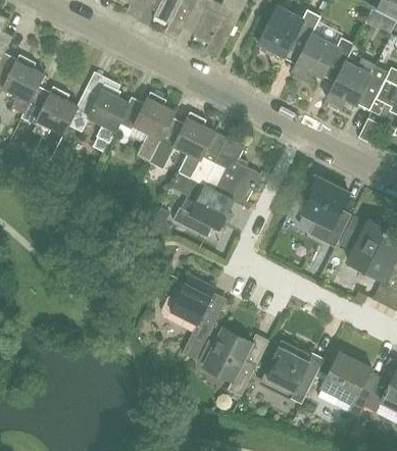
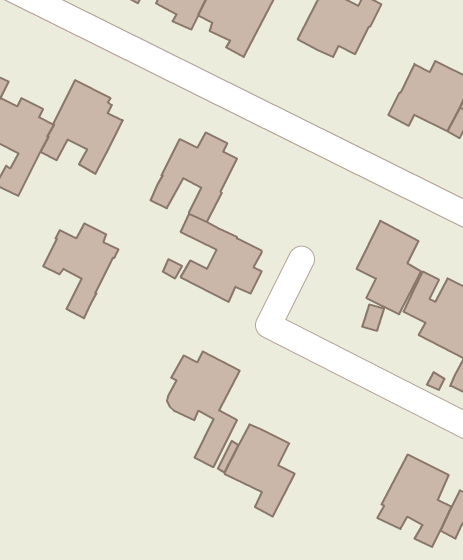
building: [292,34,354,83] -> none
building: [118,92,175,162] -> [43,223,119,318]
building: [191,132,259,206] -> none
building: [266,340,320,404] -> none

